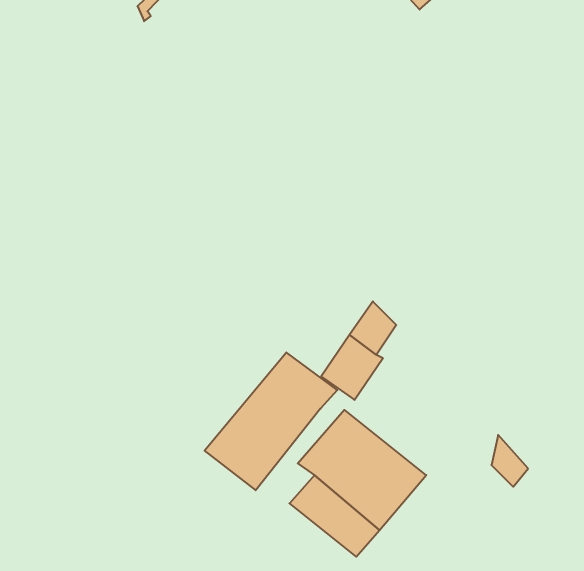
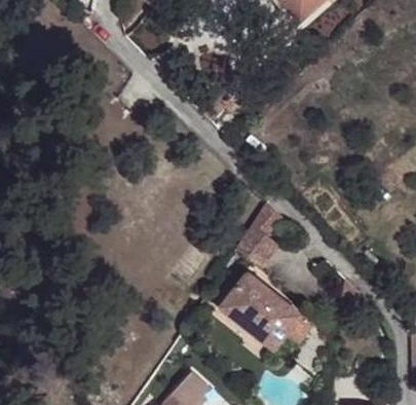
building: [205,352,337,490] -> none

